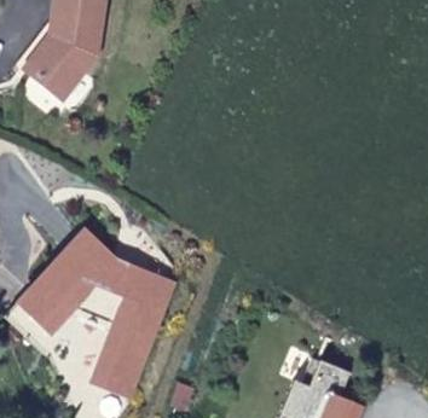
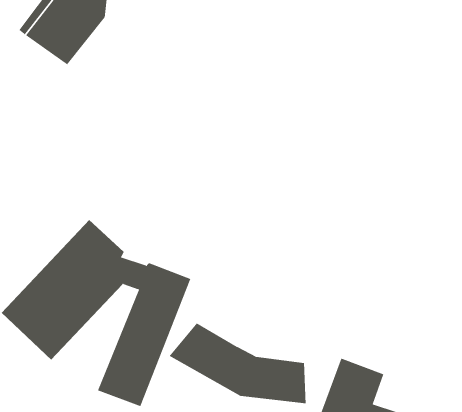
building: none -> [169,323,306,404]

